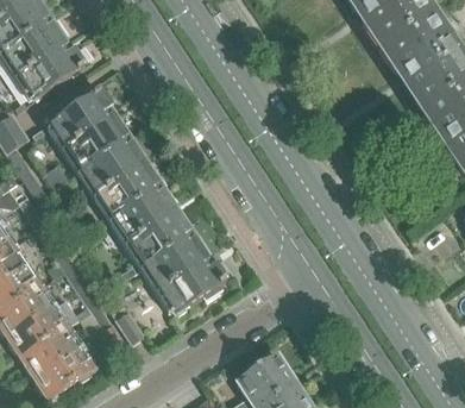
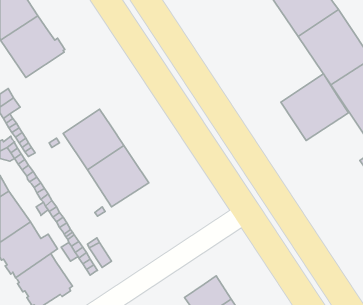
building: [50,90,128,171] -> none
building: none -> [281,74,348,140]
building: [144,234,226,314] -> none

